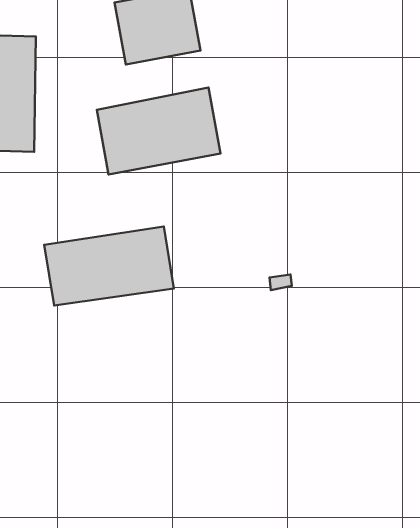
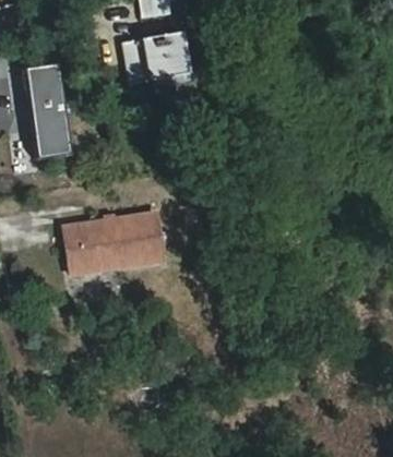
building: [97,87,220,175] -> none

